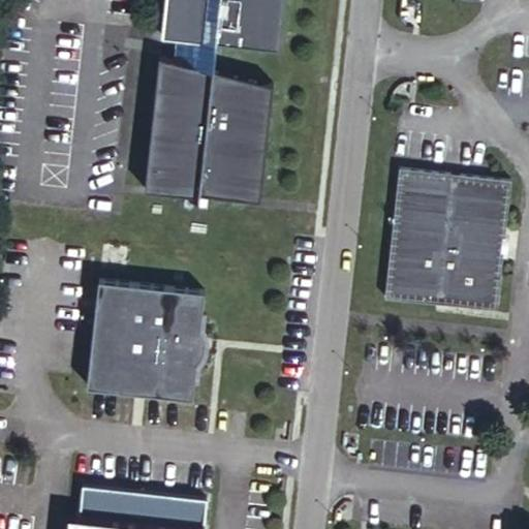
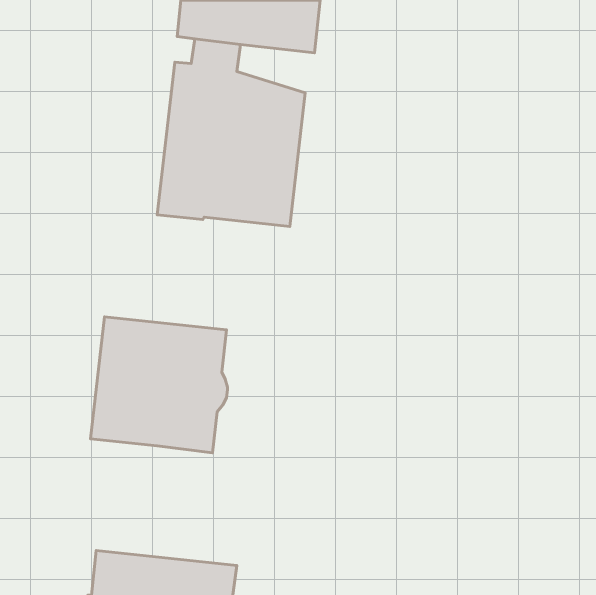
building: [388,167,509,308] -> none

